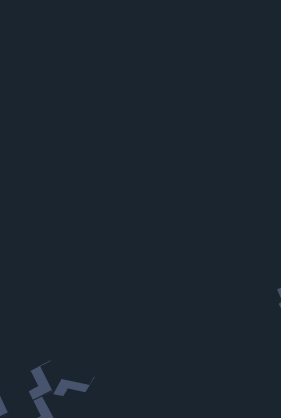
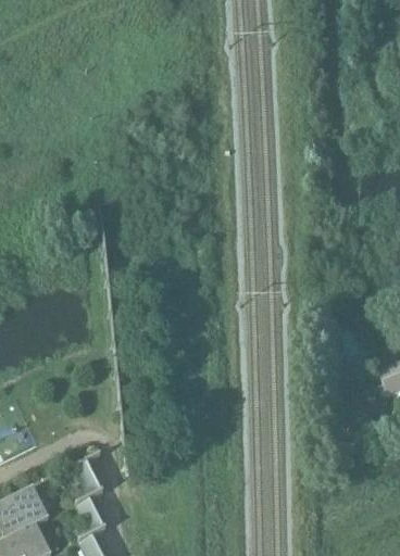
building: [52,376,96,397] -> none

